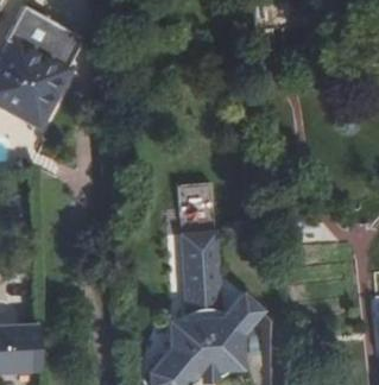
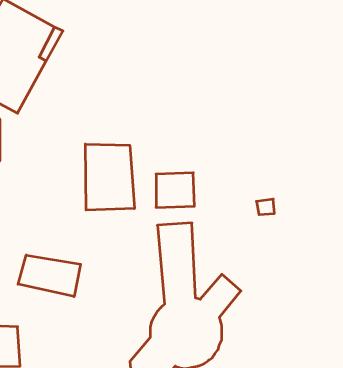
building: none -> [85,144,134,210]
building: none -> [18,255,81,297]

